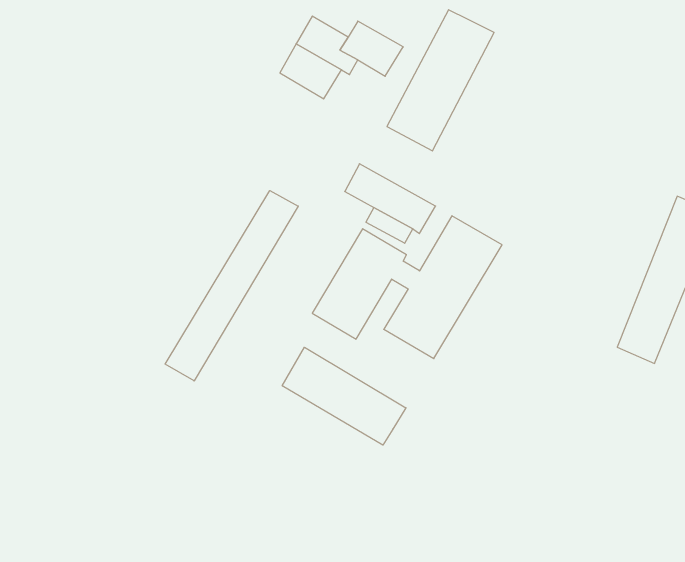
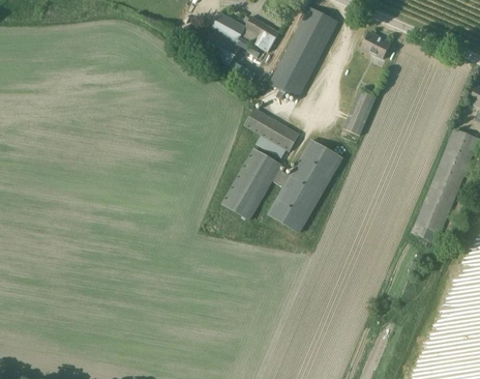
building: none -> [361,31,391,58]
building: none -> [343,90,376,135]
building: [165,191,298,381] -> none
building: [282,347,406,445] -> none

